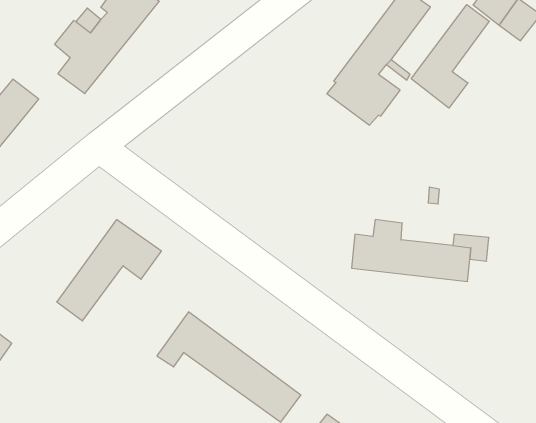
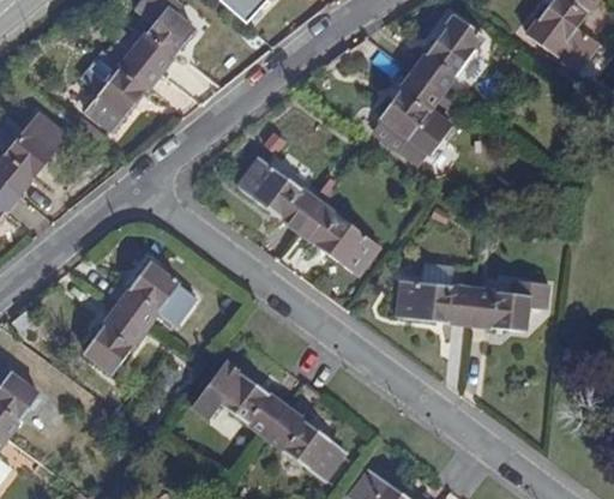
building: [411,5,489,108] -> none
building: none -> [237,157,379,275]

